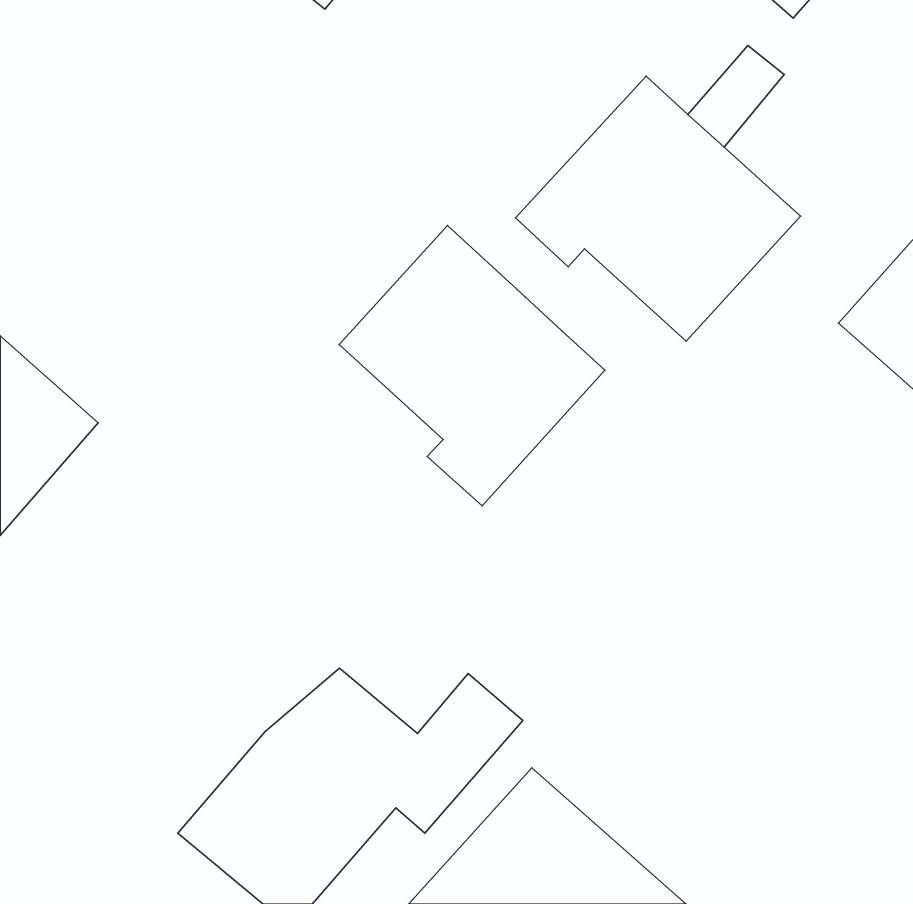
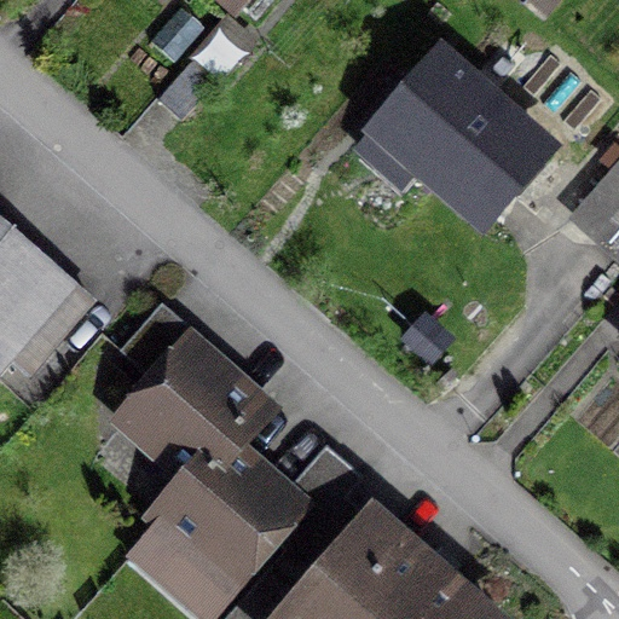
building: [339,225,605,506] -> none
building: none -> [109,334,270,487]

